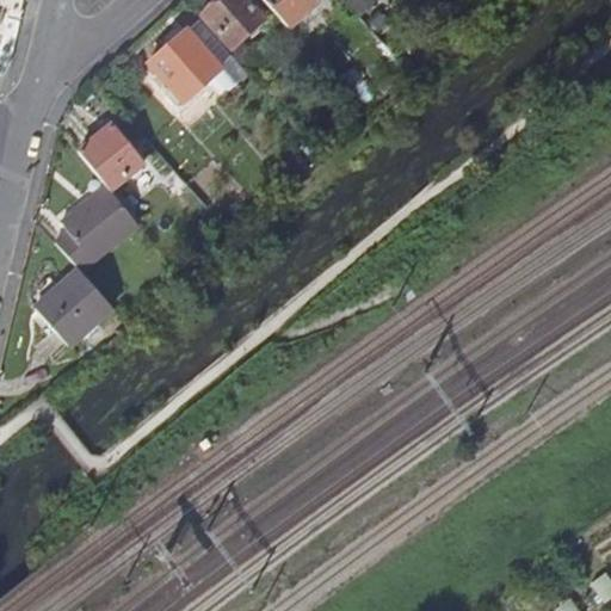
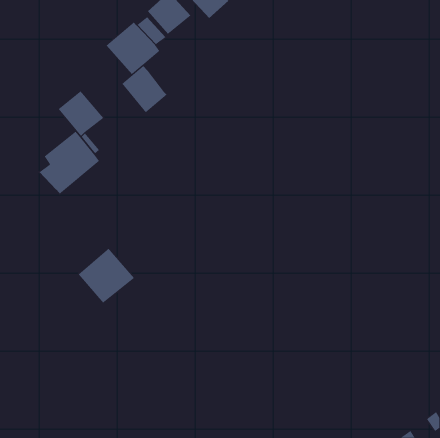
building: none -> [121,65,167,113]
building: [35,264,113,341] -> [78,248,135,304]

